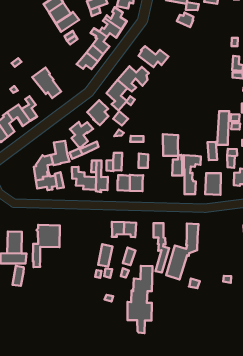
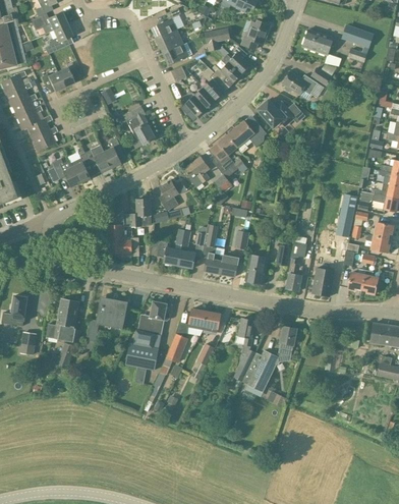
building: none -> [282,70,318,99]
building: [163,134,178,156] -> [245,254,268,283]
building: [127,266,153,333] -> [125,300,167,384]

